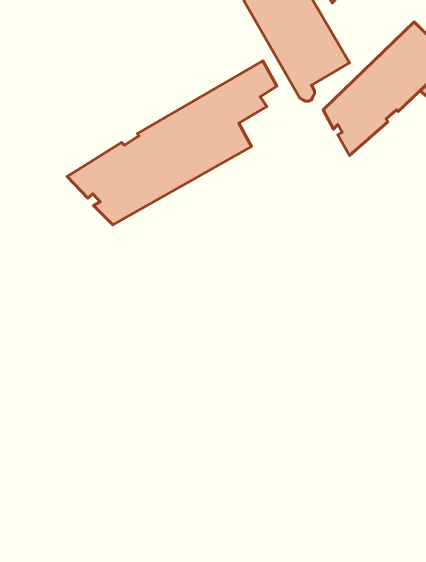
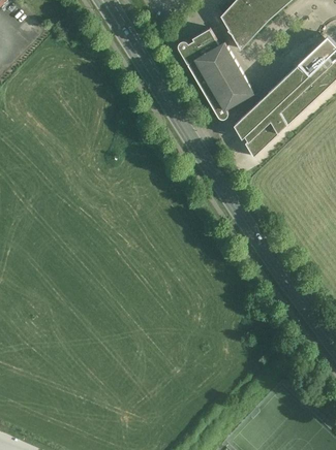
building: [67,61,277,225] -> none

